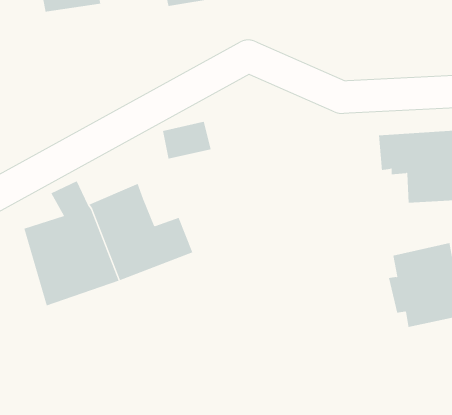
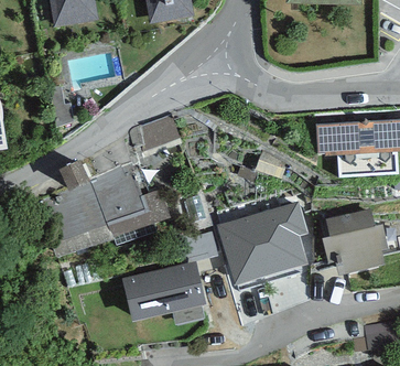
building: none -> [217,200,309,284]
building: none -> [122,260,206,323]

